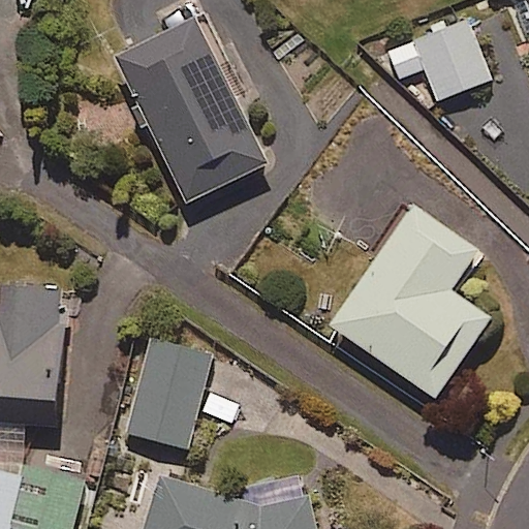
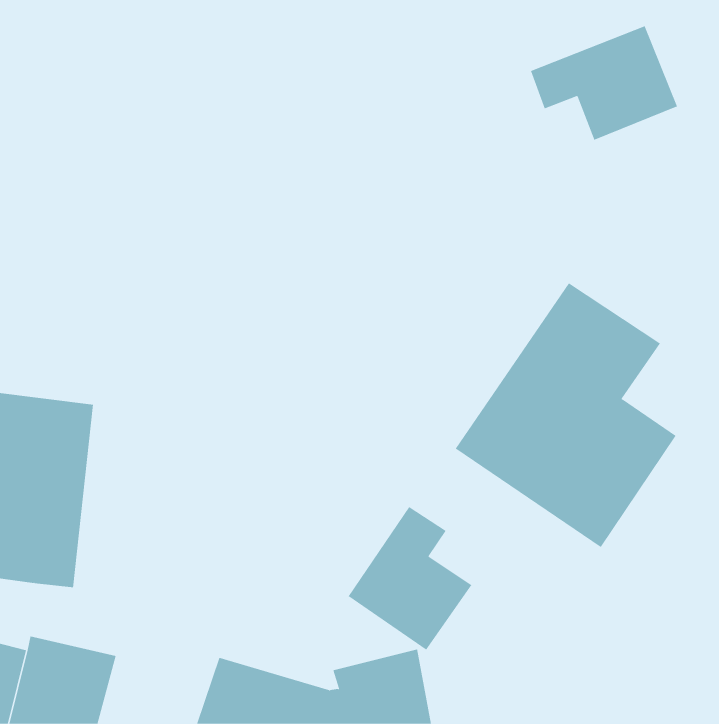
building: [111,17,267,203] -> none
building: [124,338,210,447] -> none
building: none -> [348,506,472,651]

